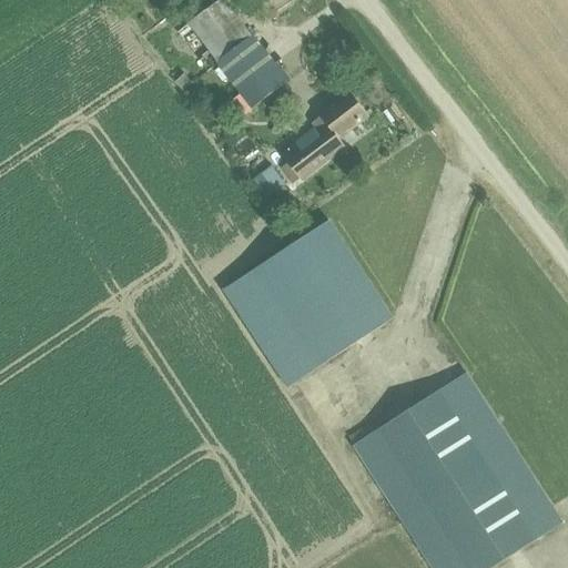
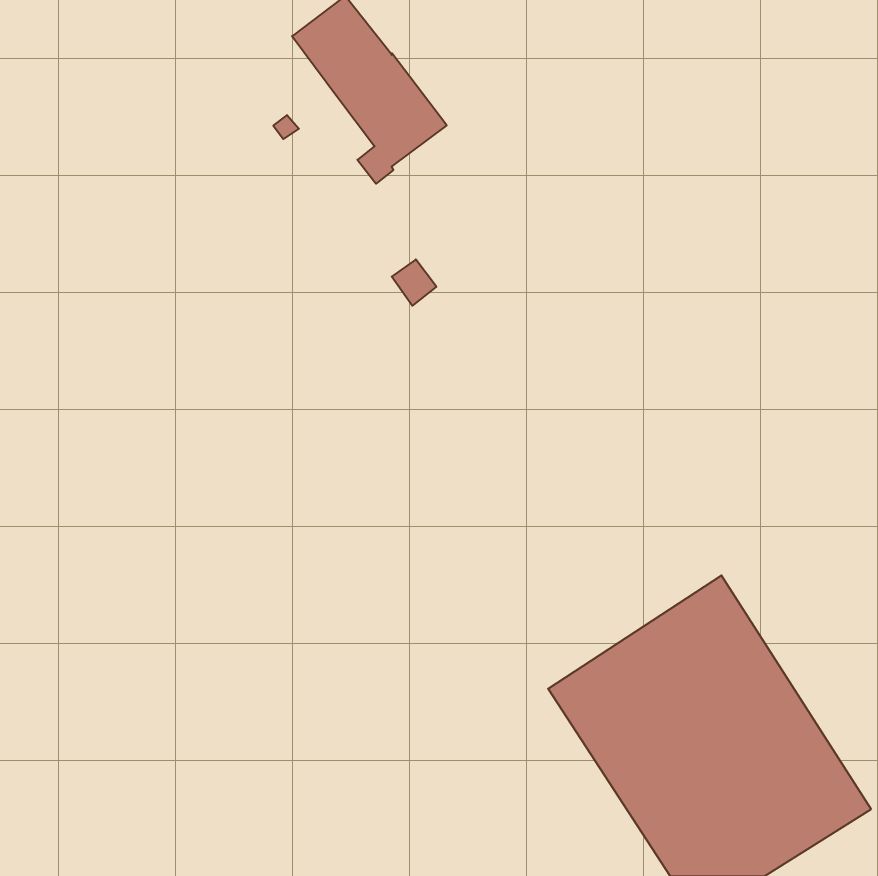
building: [281,91,369,183] -> none
building: [224,220,393,387] -> none

